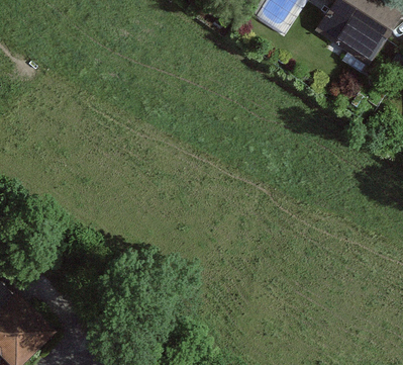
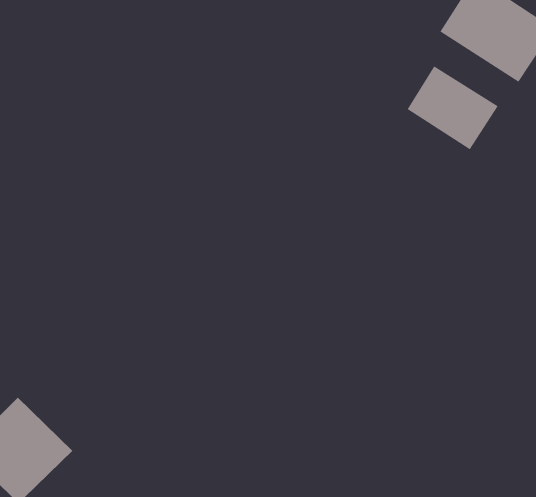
building: none -> [407,66,498,150]

